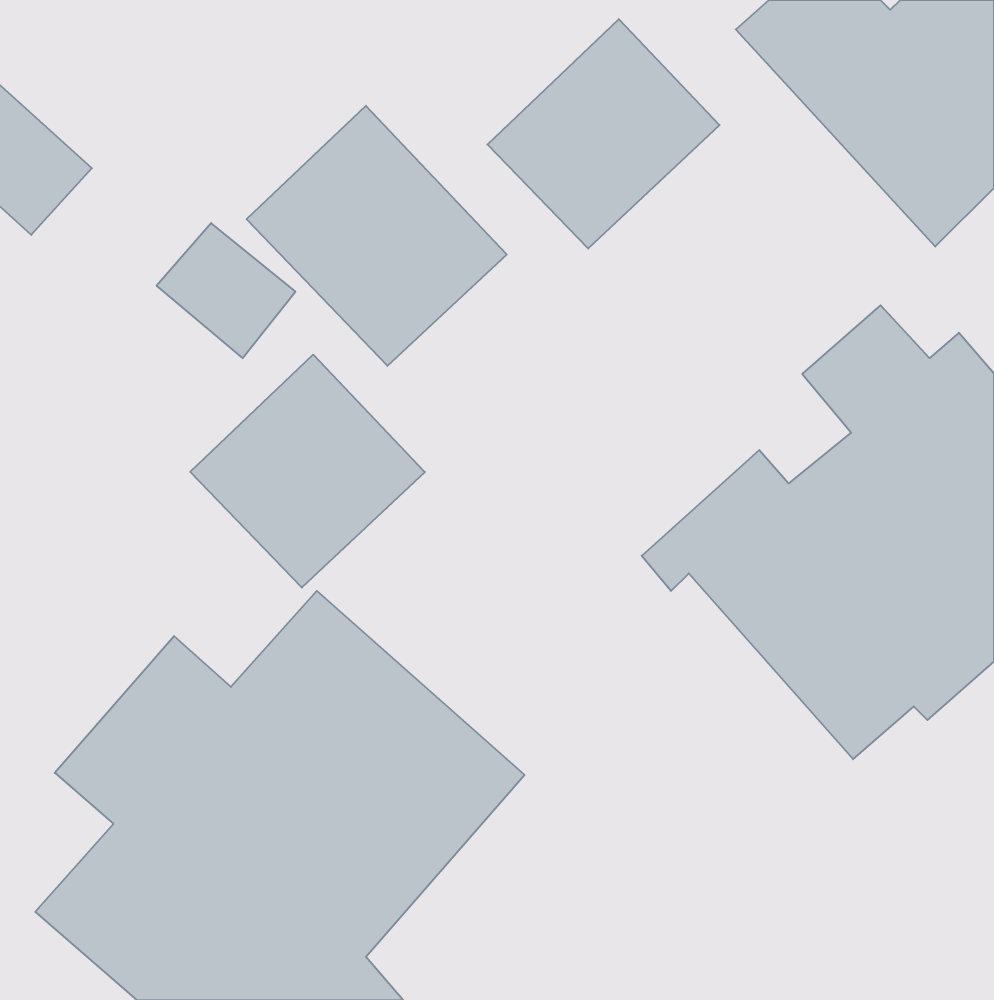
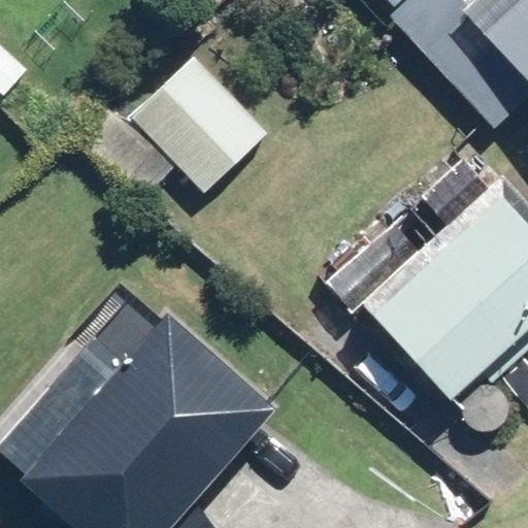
building: [487,19,720,249] -> none
building: [190,355,425,588] -> none

